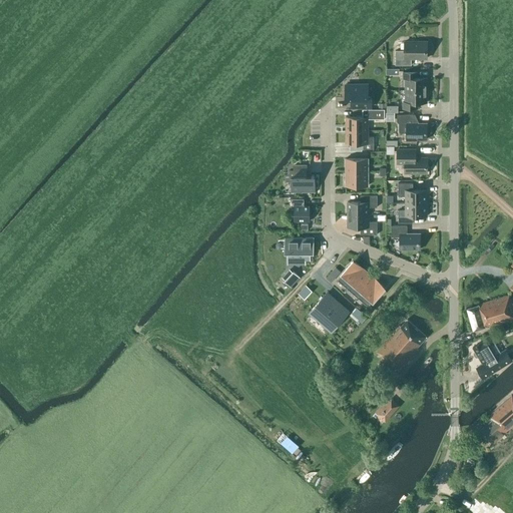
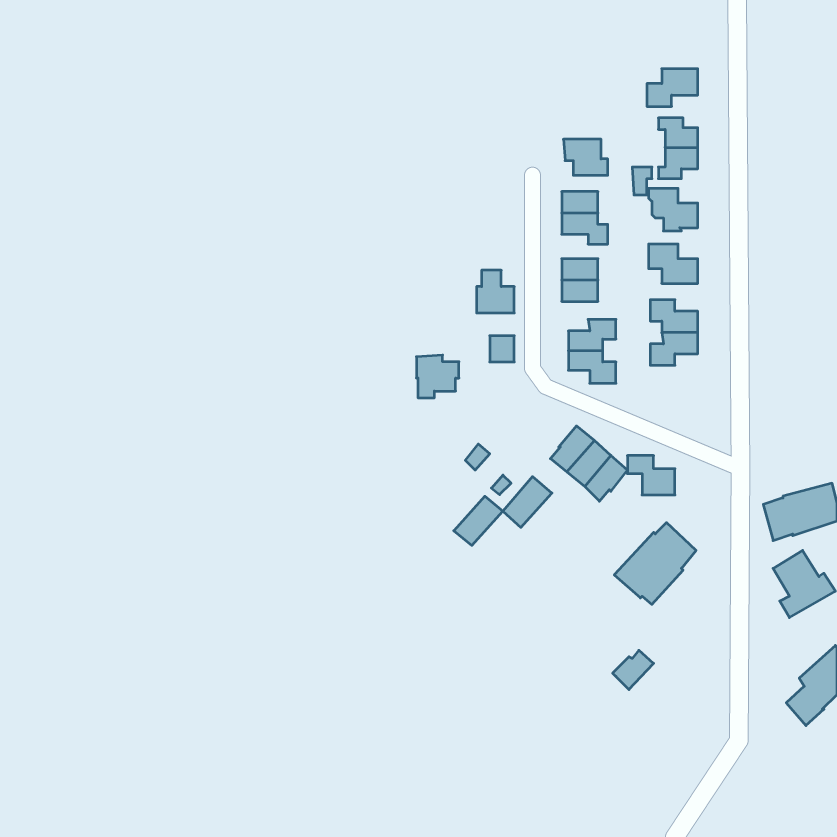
building: [391,225,420,249] -> [627,456,675,495]
building: [288,240,314,267] -> [416,355,459,398]
building: [319,302,349,332] -> [454,496,503,545]

